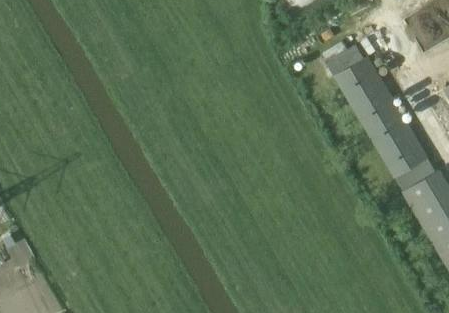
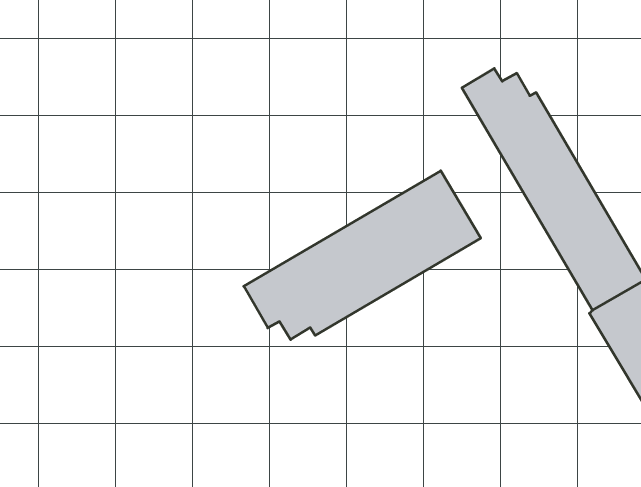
building: none -> [244,171,481,340]

